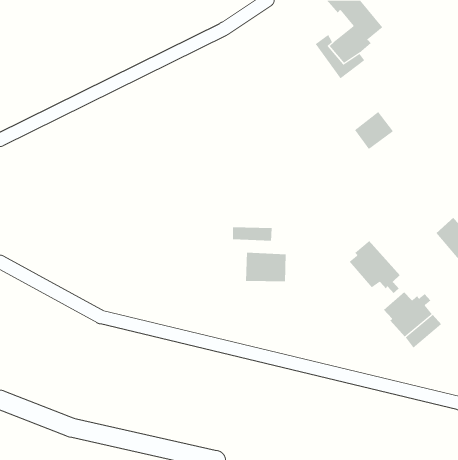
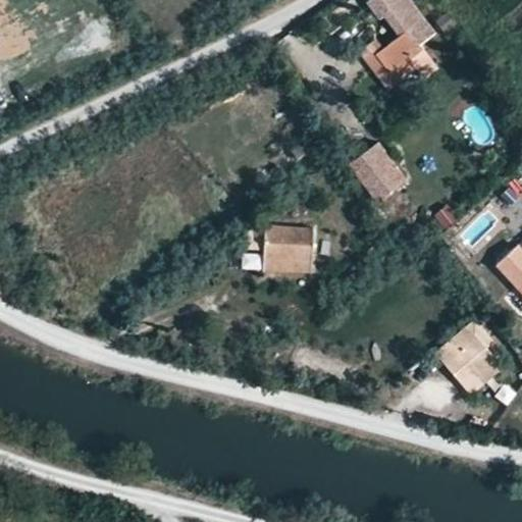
building: [354,111,394,150] -> [351,145,396,189]
building: [349,240,400,294] -> none
building: [245,252,287,282] -> [265,224,312,258]

